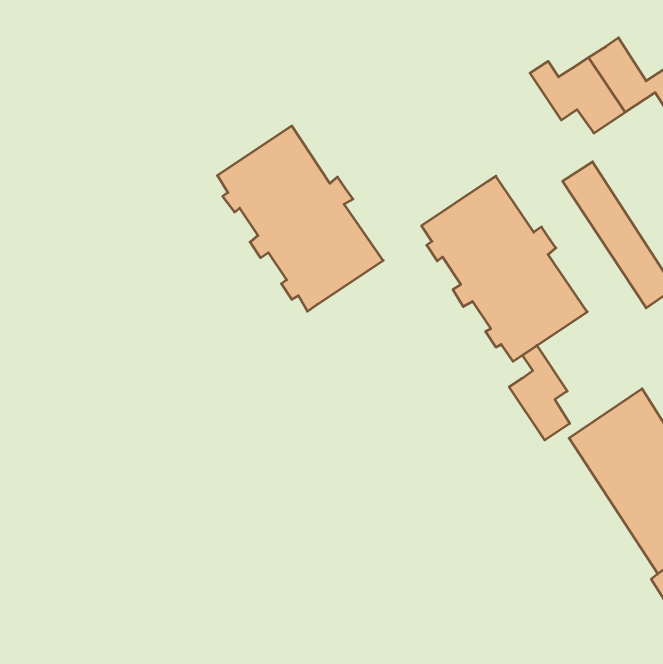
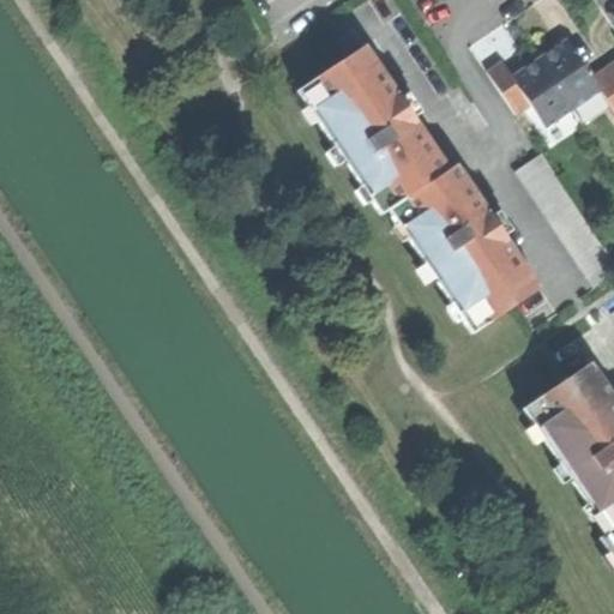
building: [217,126,383,311] -> [300,43,452,213]
building: [509,345,570,440] -> none

